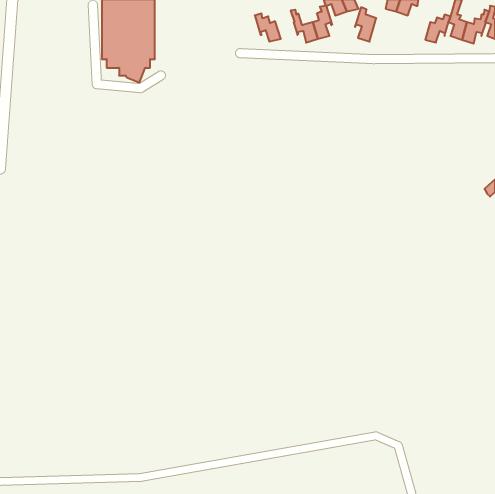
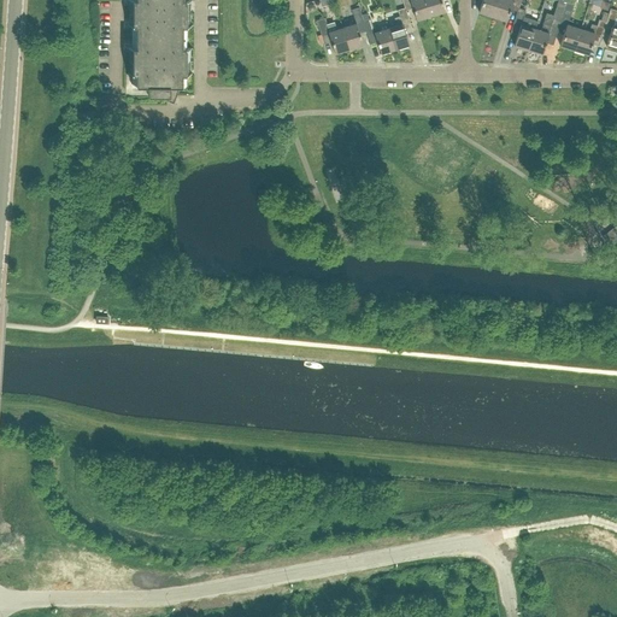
building: none -> [342,6,366,48]
building: [355,8,376,42] -> [511,7,537,49]

